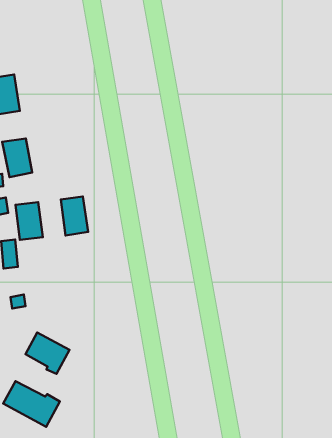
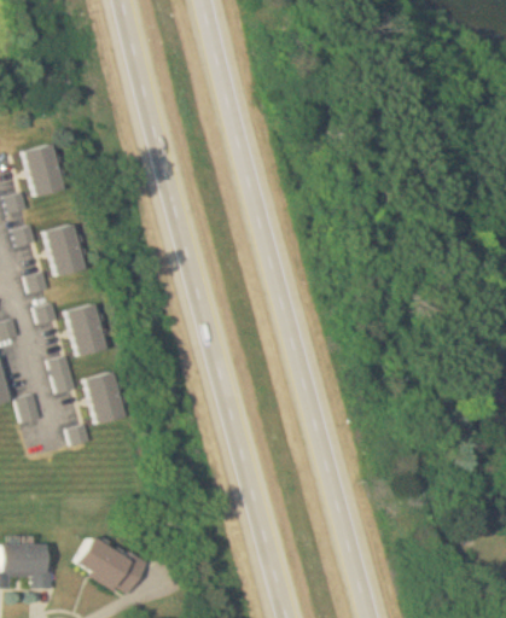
building: [61,197,88,235] -> [87,372,126,424]
building: [26,332,70,374] -> none

